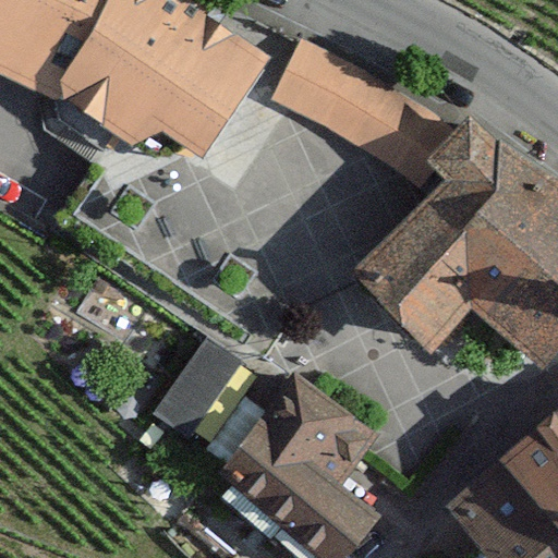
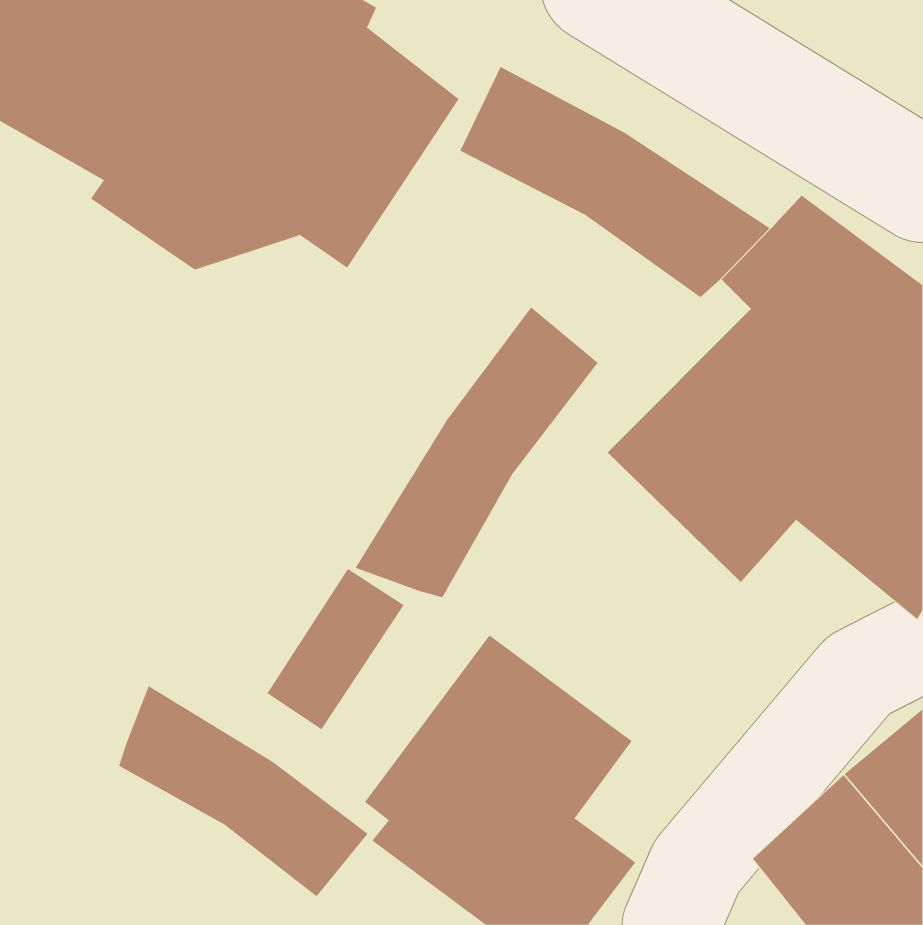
building: none -> [355,306,598,598]
building: none -> [118,685,368,897]

